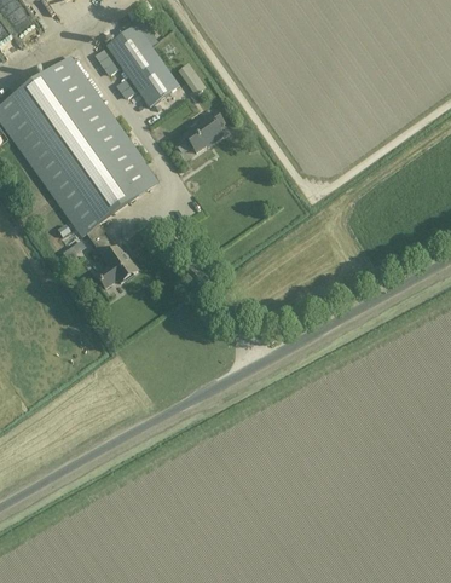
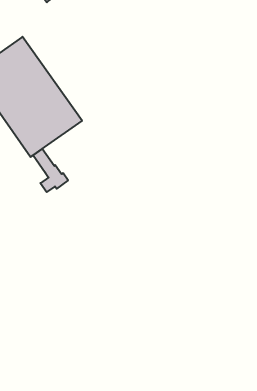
building: [105,24,178,105] -> none
building: [184,109,222,150] -> none

